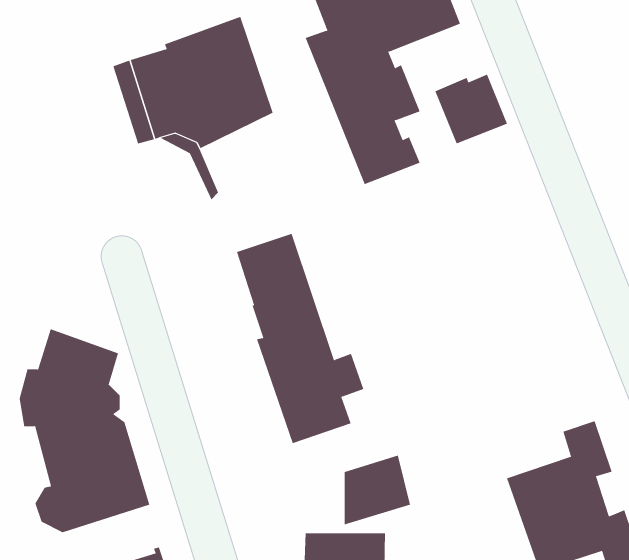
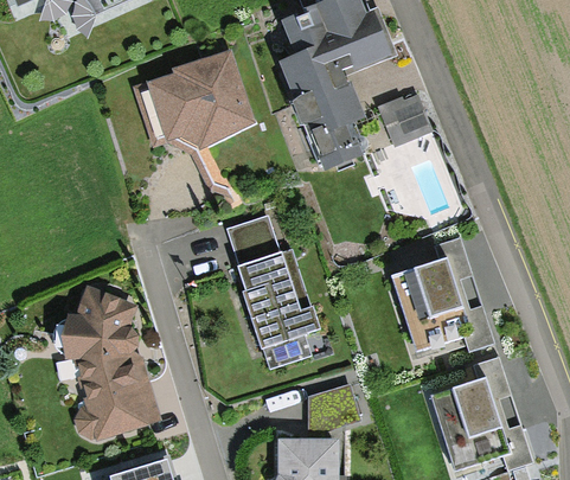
building: none -> [393,237,495,352]

